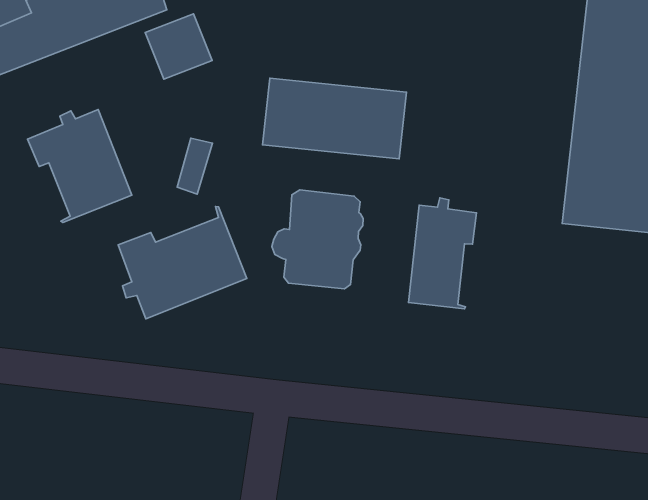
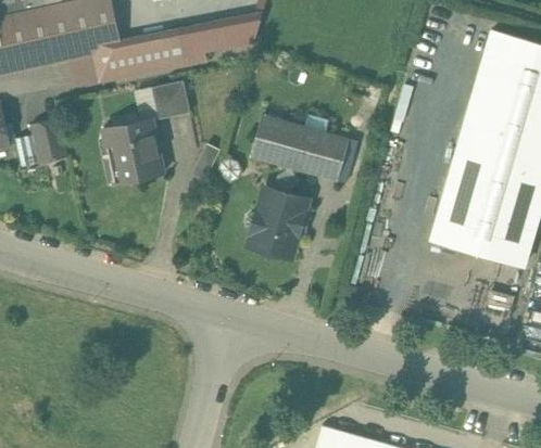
building: [145,14,212,79] -> [151,80,190,118]
building: [409,198,476,309] -> none
building: [118,207,247,319] -> none

